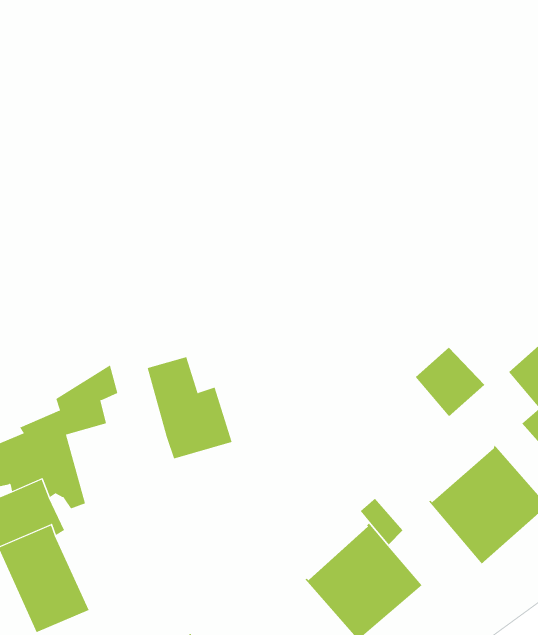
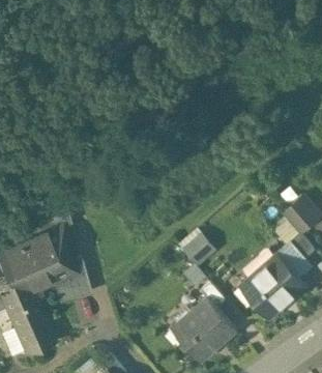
building: [415,347,485,417] -> [178,228,216,266]
building: [147,356,232,459] -> [41,242,88,298]

